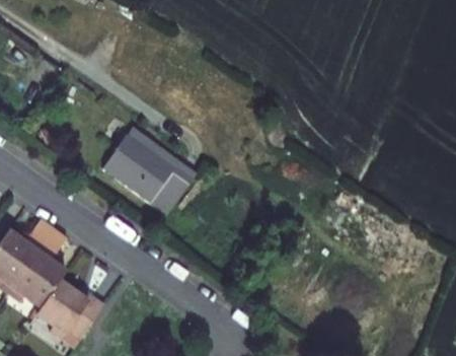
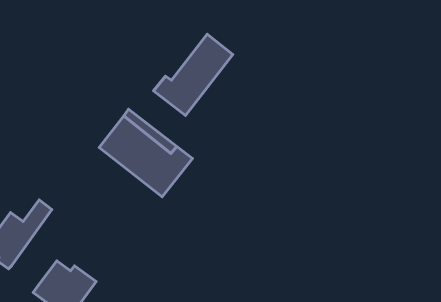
building: none -> [153,34,233,115]
building: [10,230,67,308] -> none

